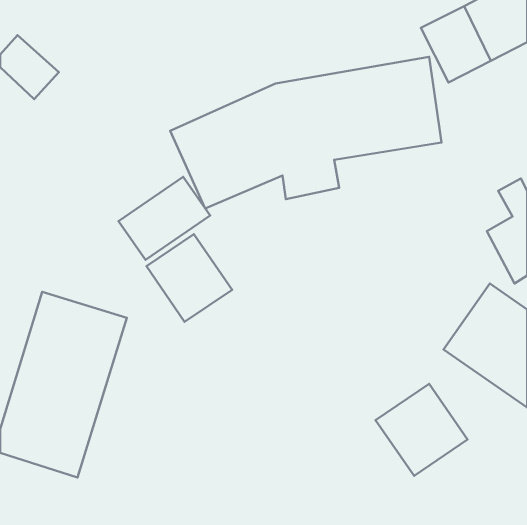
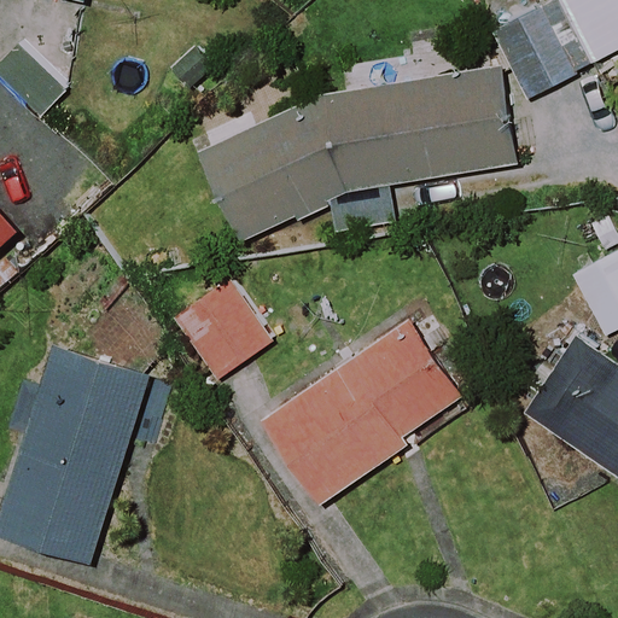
building: [118,177,210,260] -> none
building: none -> [261,315,464,501]
building: [376,384,467,476] -> none

